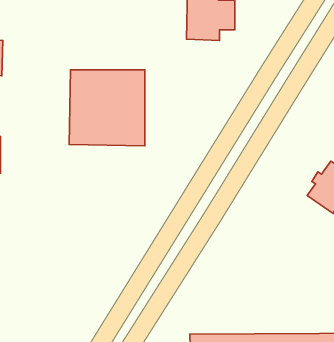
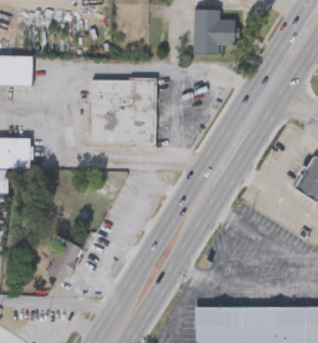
building: none -> [46,240,82,282]

